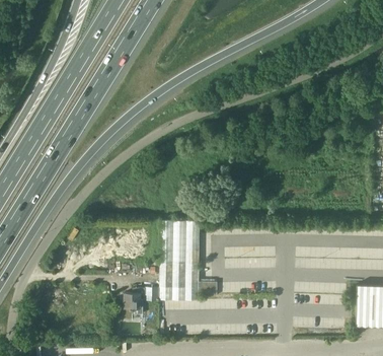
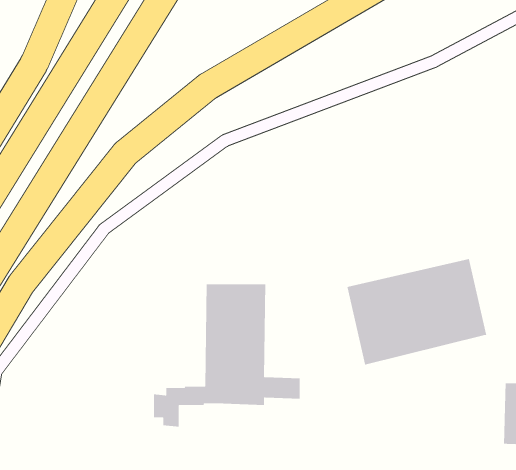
building: none -> [346,258,487,366]

